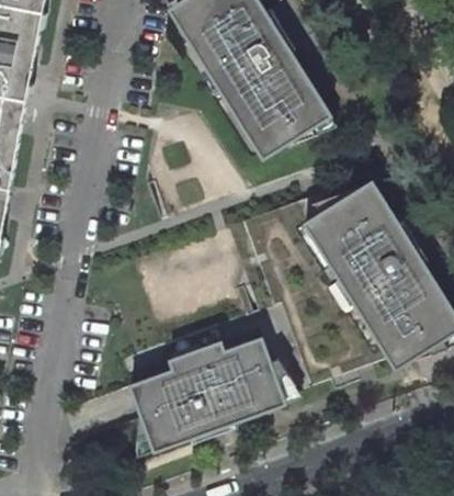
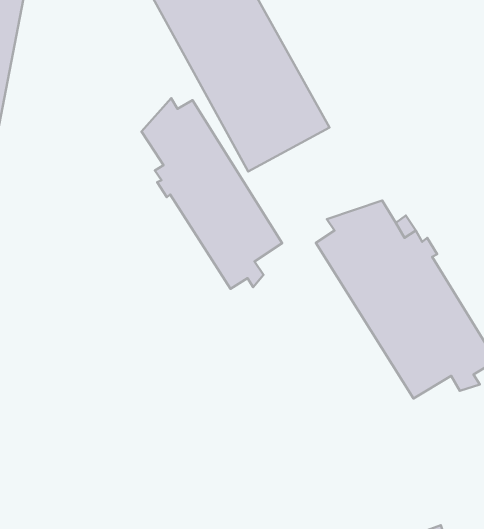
building: none -> [142,98,282,289]
building: [129,336,286,449] -> none

